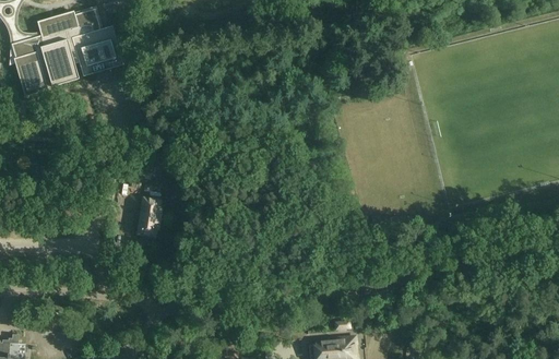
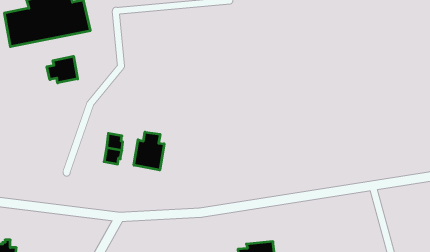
building: none -> [47,56,78,83]
building: none -> [134,132,164,170]

